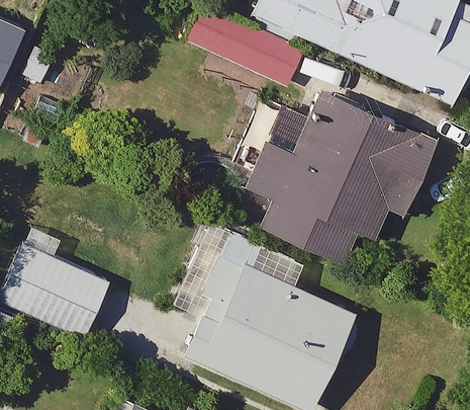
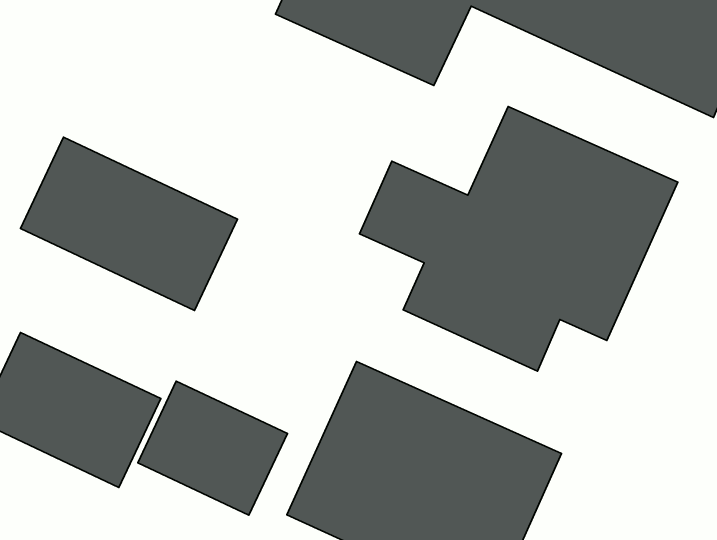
building: none -> [21,137,237,310]
building: none -> [138,381,287,515]

